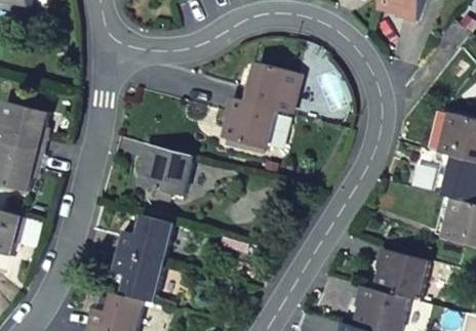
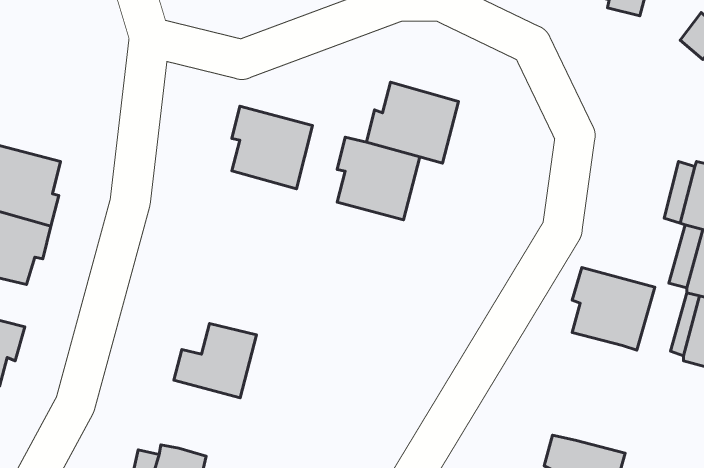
building: [141,144,192,197] -> [232,106,313,189]
building: [374,248,427,300] -> [572,268,655,350]
building: [114,251,162,302] -> none

